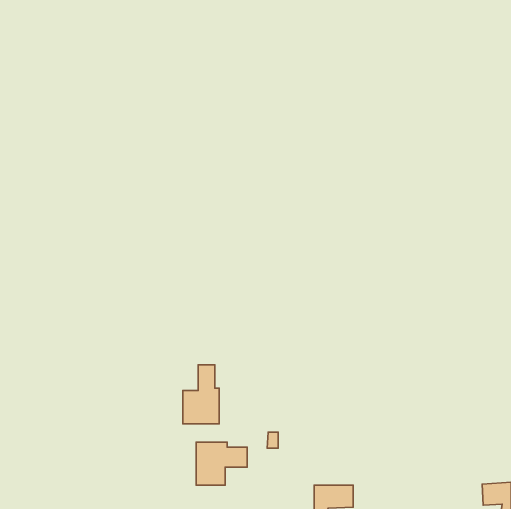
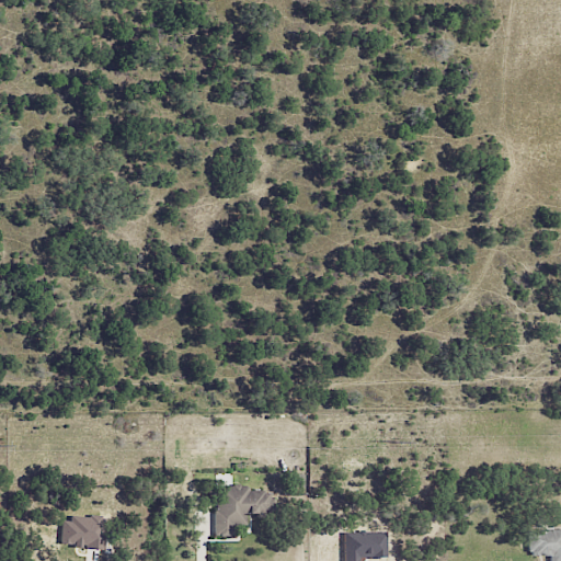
building: [183,365,219,424] -> none
building: none -> [60,517,104,548]

